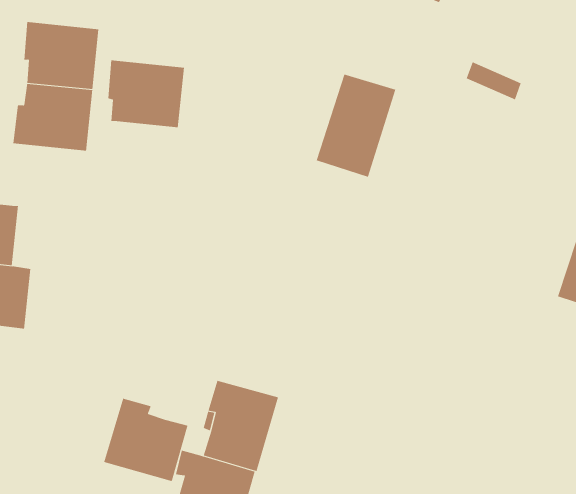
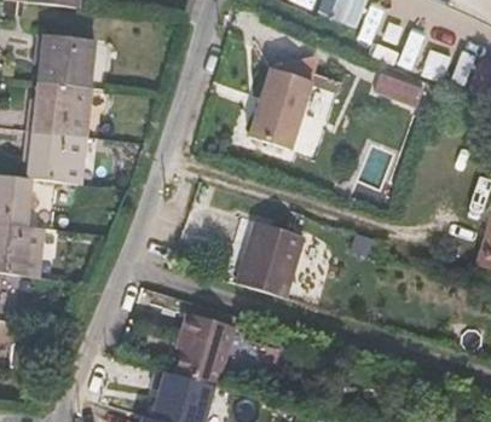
building: [107,60,185,128] -> [24,129,85,183]
building: none -> [238,222,304,296]
building: [103,398,188,482] -> none

